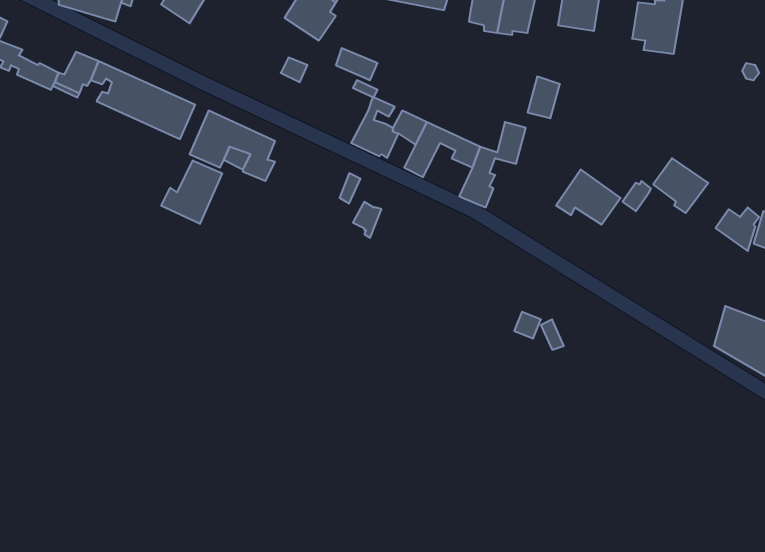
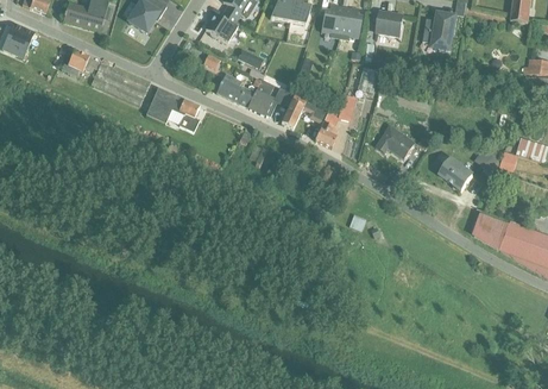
building: none -> [215,73,254,107]
building: [653,158,708,213] -> [439,157,473,192]
building: [161,160,222,224] -> none

